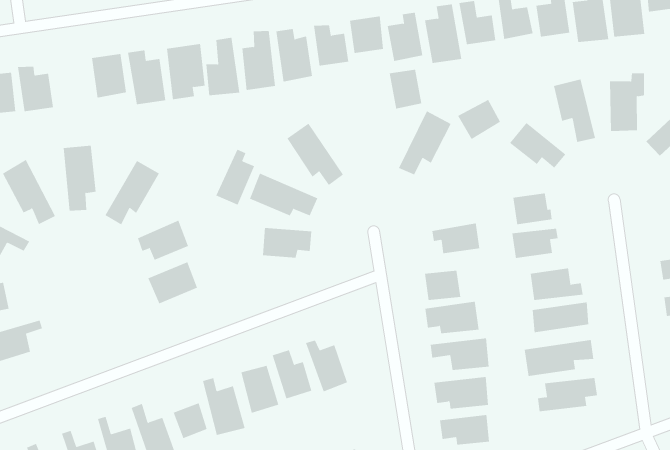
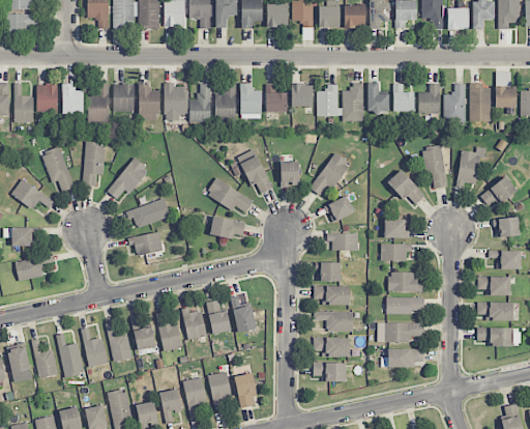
building: none -> [88,84,109,122]
building: [389,69,422,109] -> [279,162,299,187]
building: [457,99,501,140] -> [324,197,353,223]
building: [215,149,255,205] -> none

